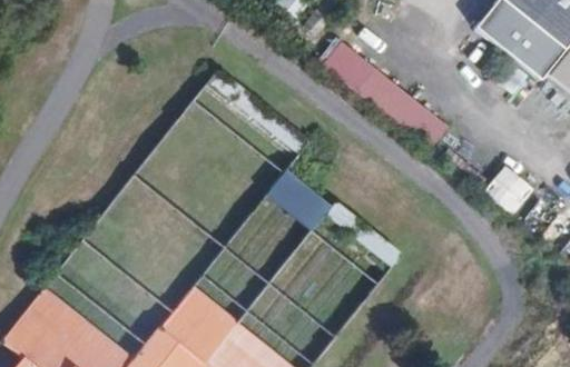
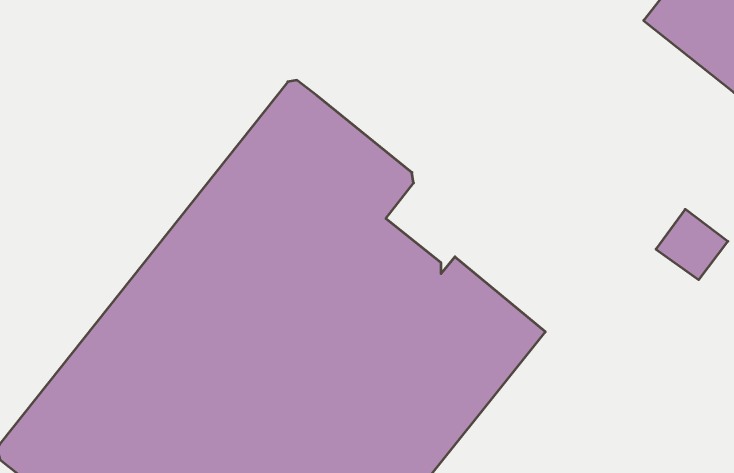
building: [320,39,449,150] -> none

